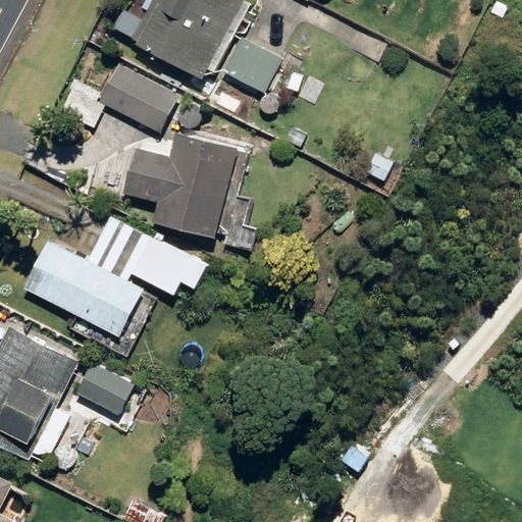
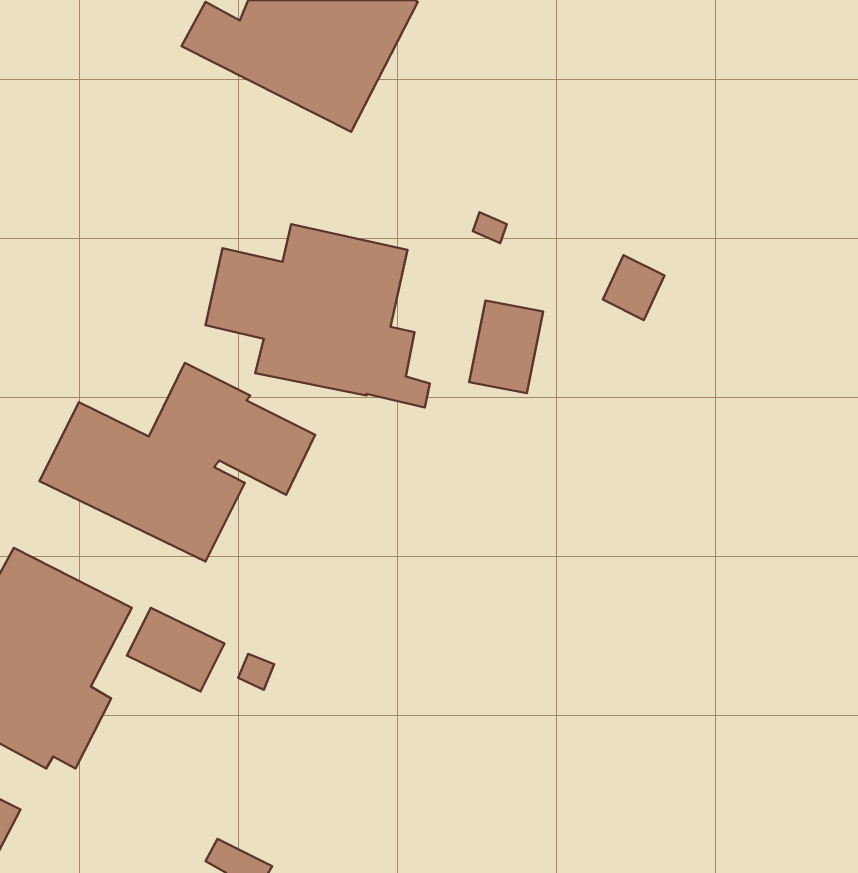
building: [218,36,280,94] -> none
building: [56,64,177,133] -> none
building: none -> [469,301,543,393]

